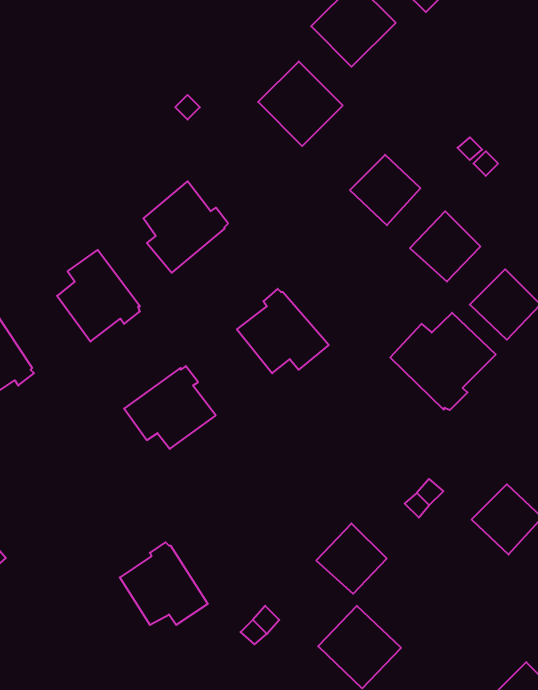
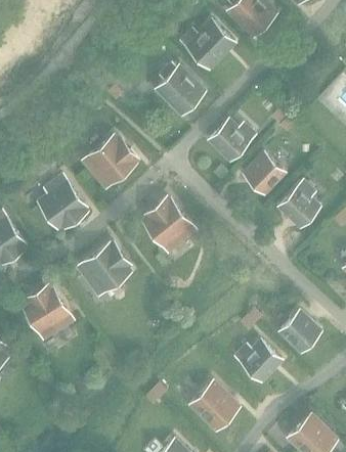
building: [390,313,496,410] -> none
building: [316,523,387,594] -> [241,342,282,382]
building: [120,542,208,625] -> [23,286,74,334]

